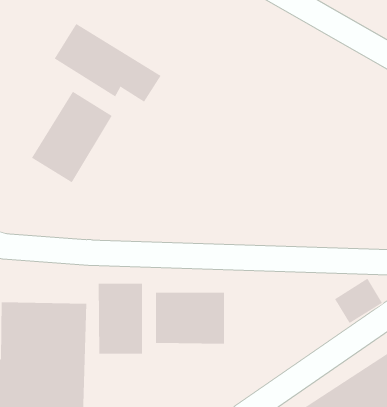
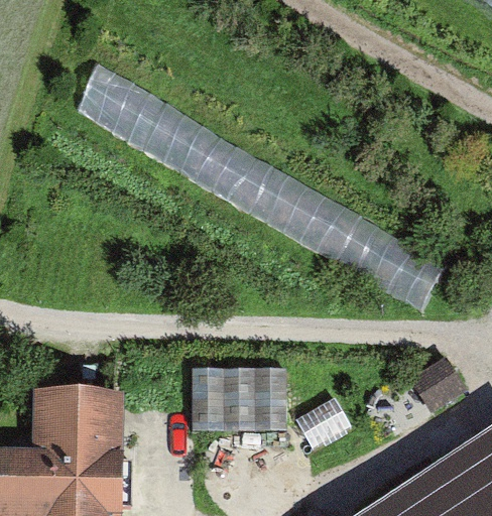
building: [31,91,113,183] -> none
building: [98,283,143,354] -> none

